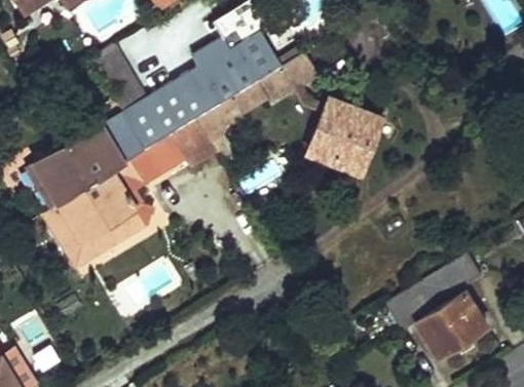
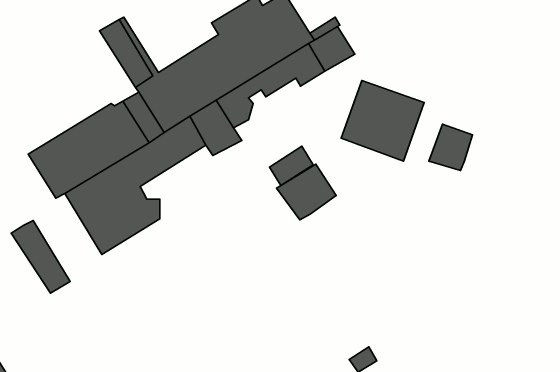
building: none -> [429,124,473,171]
building: none -> [277,164,336,220]
building: [41,202,93,267] -> [11,220,70,293]
building: [384,251,485,353] -> none

